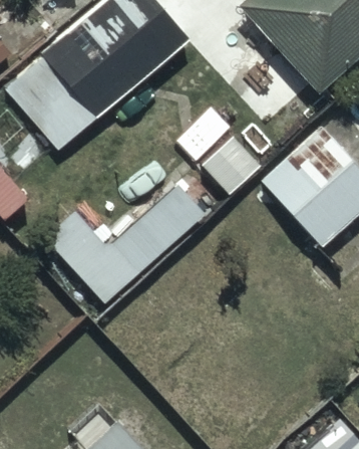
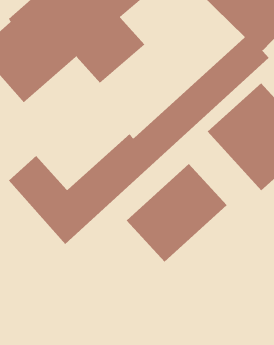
building: none -> [126,163,227,262]

